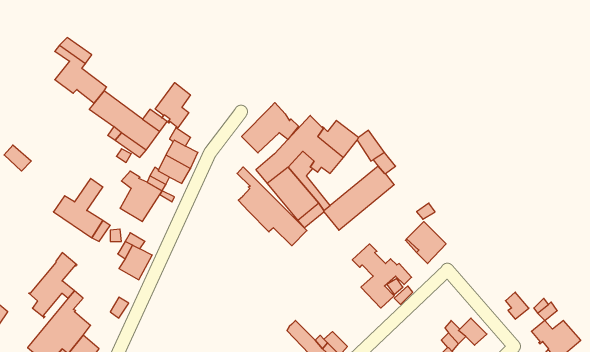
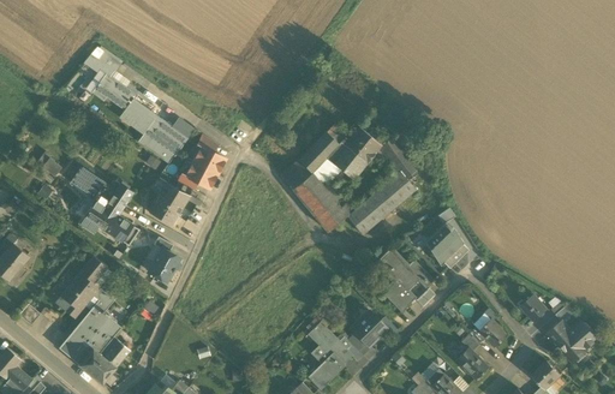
building: [155,83,190,128] -> none
building: [242,103,298,153] -> none
building: none -> [71,166,120,207]
building: [237,167,307,246] -> none
building: none -> [352,312,386,345]

